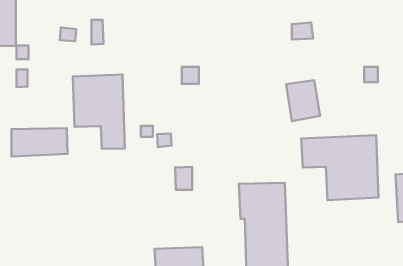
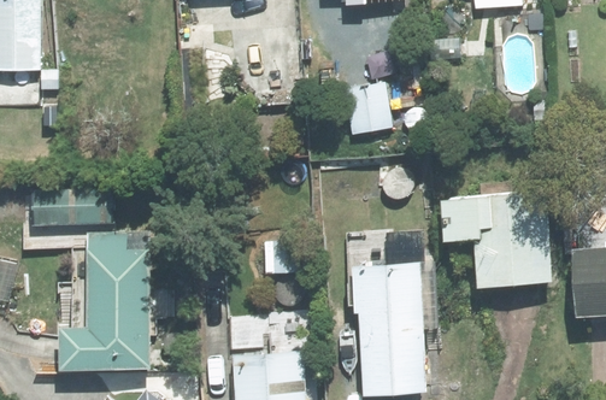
building: [73,75,125,149] -> none
building: [286,80,320,121] -> [343,81,392,139]
building: none -> [60,229,149,371]

